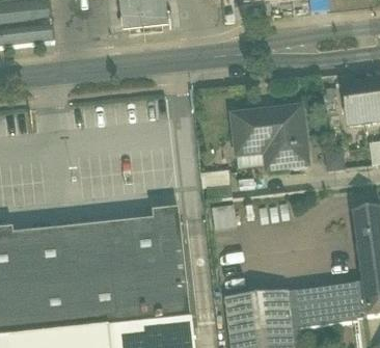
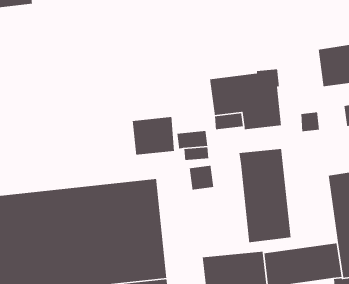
building: none -> [132,116,175,155]
building: none -> [239,148,291,243]

